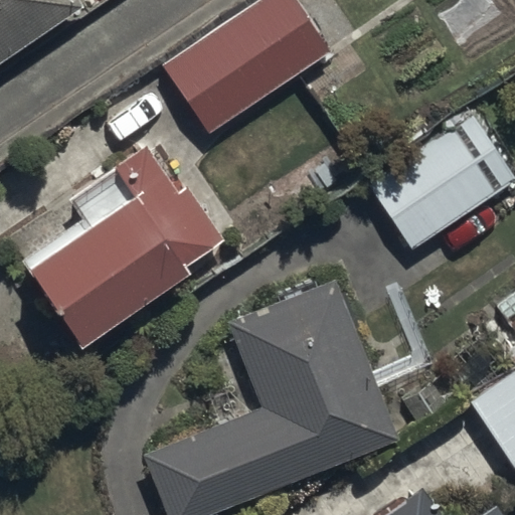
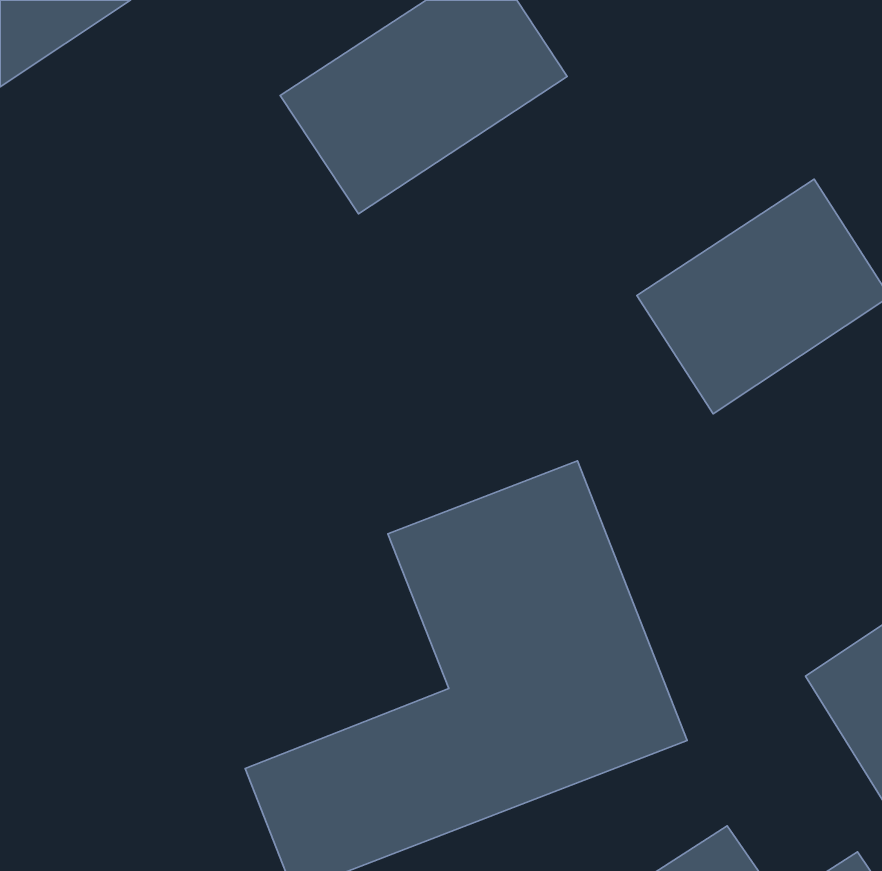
building: [18,146,214,335] -> none

